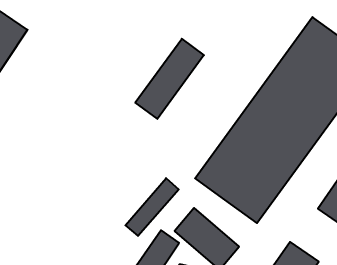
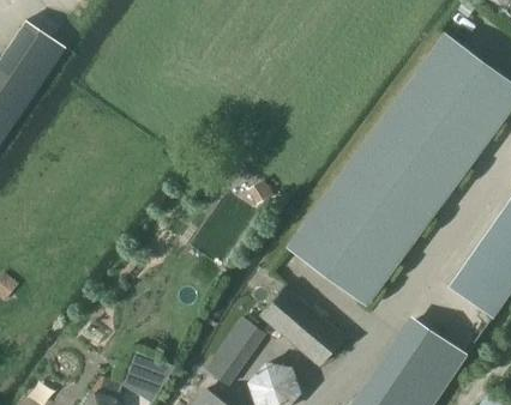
building: [135,39,204,119] -> none
building: [125,178,179,236] -> none

